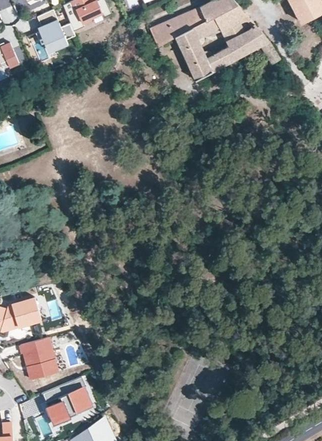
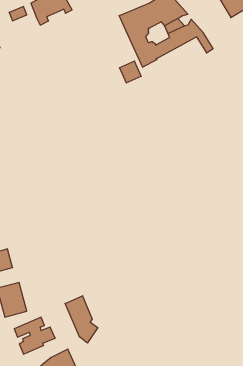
building: [149,21,175,47] -> [119,61,141,83]
building: [35,23,74,59] -> none
building: none -> [65,296,98,343]

